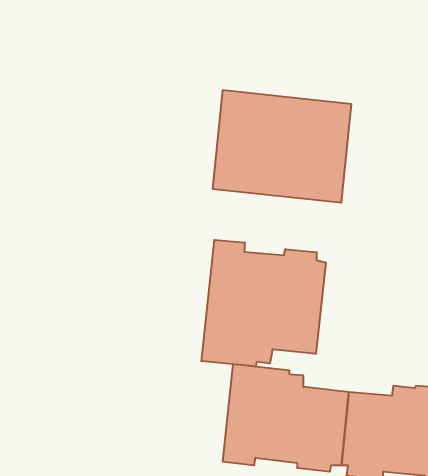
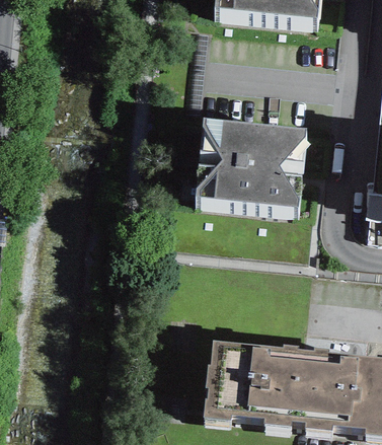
building: [201,240,326,367] -> none

